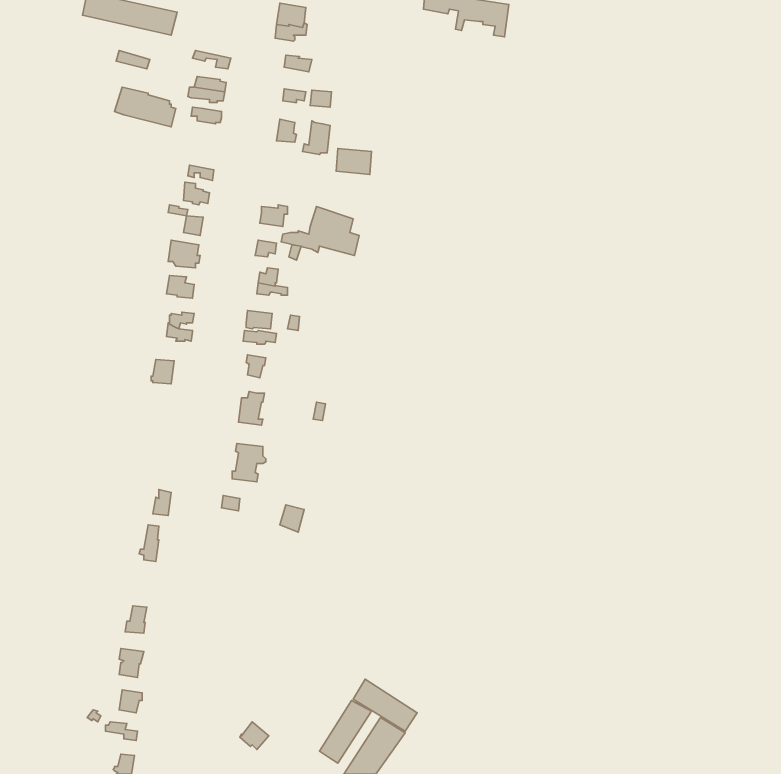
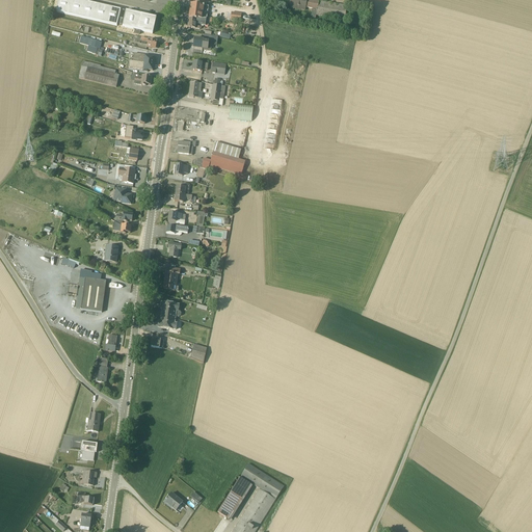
building: none -> [122,9,156,32]
building: none -> [75,276,106,311]

